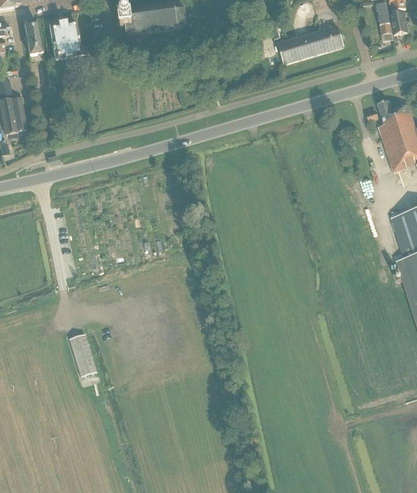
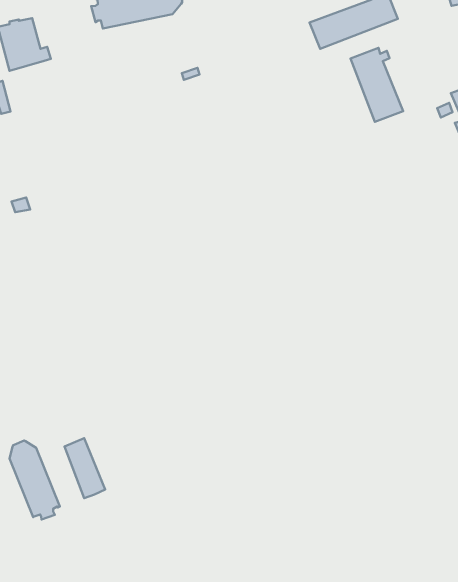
building: none -> [350,48,403,122]
building: none -> [9,441,60,519]

